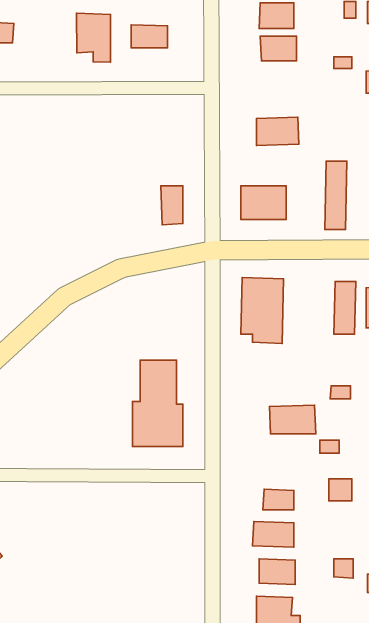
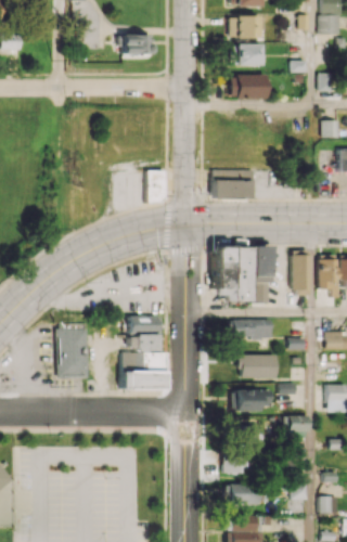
building: [77,13,111,62] -> none
building: [256,117,299,146] -> [232,75,268,99]
building: [325,161,347,230] -> [253,246,271,304]
building: none -> [232,320,272,339]
building: none -> [60,328,91,377]
building: none -> [232,389,271,412]

